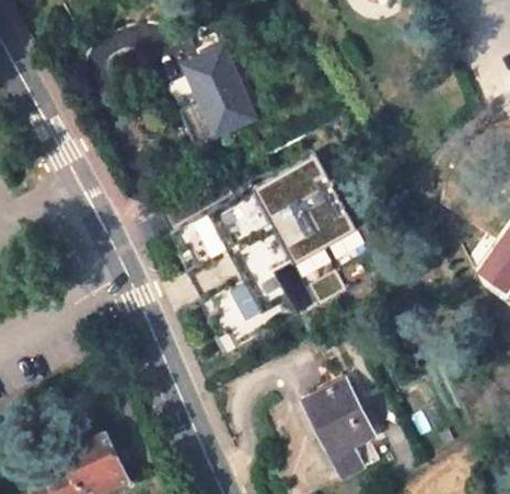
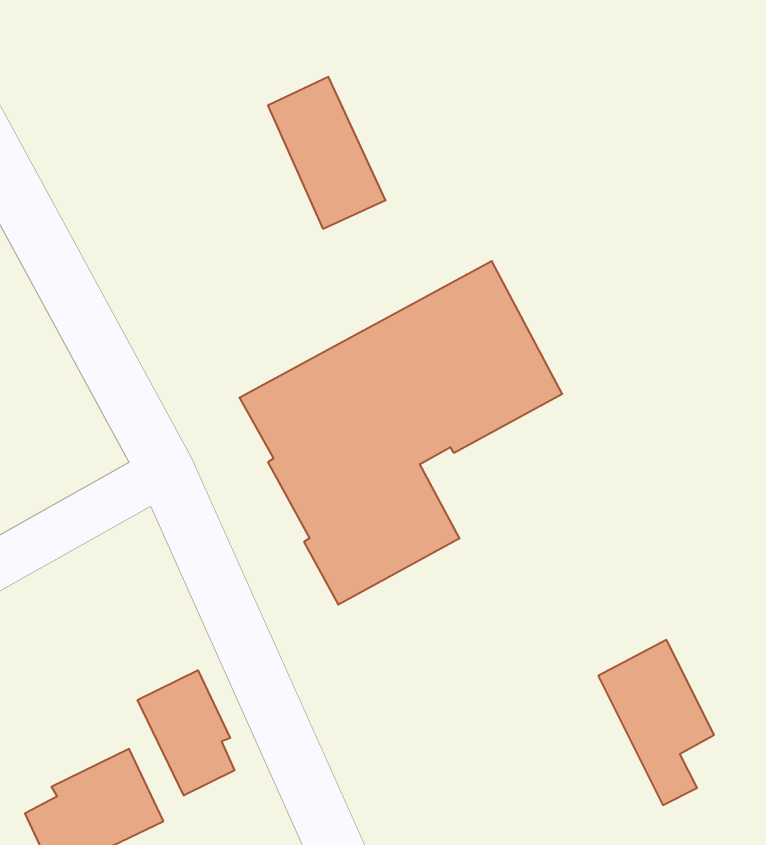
building: [306,383,373,478] -> [598,640,714,805]
building: none -> [138,670,234,796]

